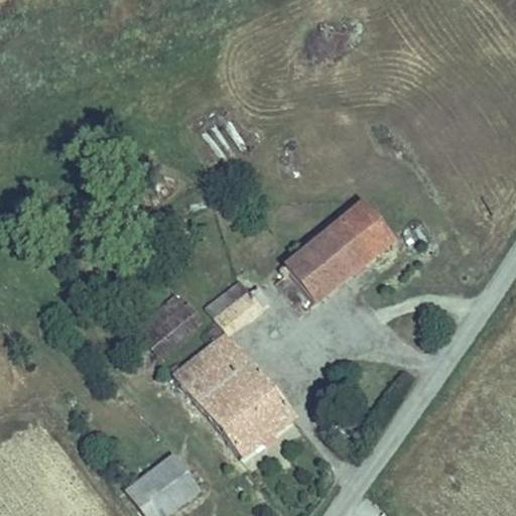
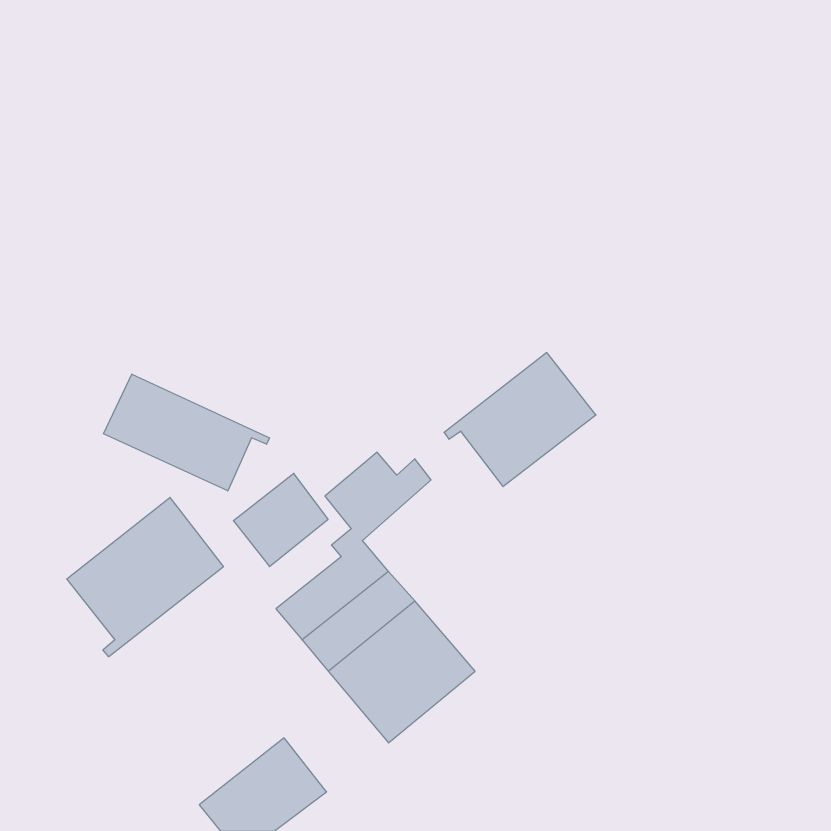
building: [340,201,392,256] -> none
building: none -> [104,374,269,491]
building: none -> [67,497,223,657]

